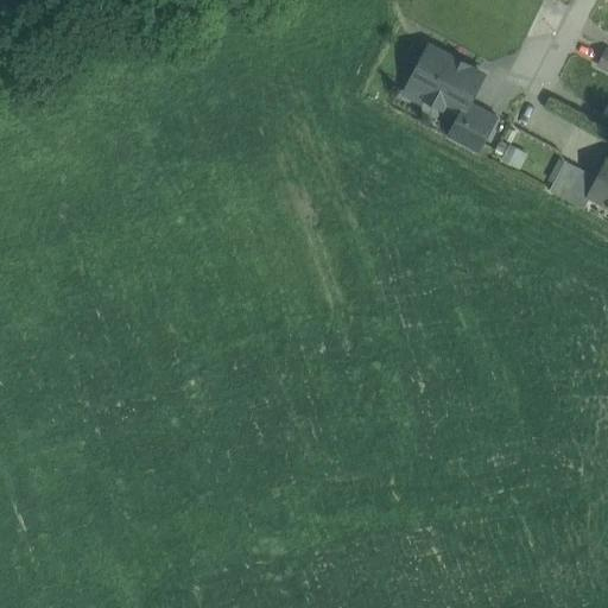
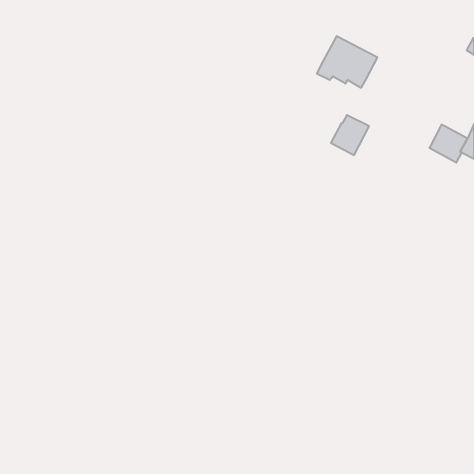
building: [448,101,496,152] -> [331,115,369,155]

